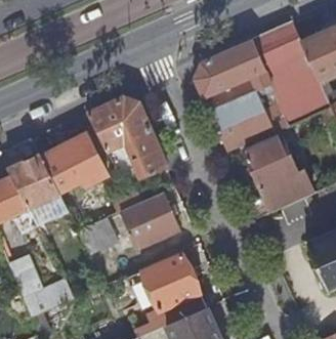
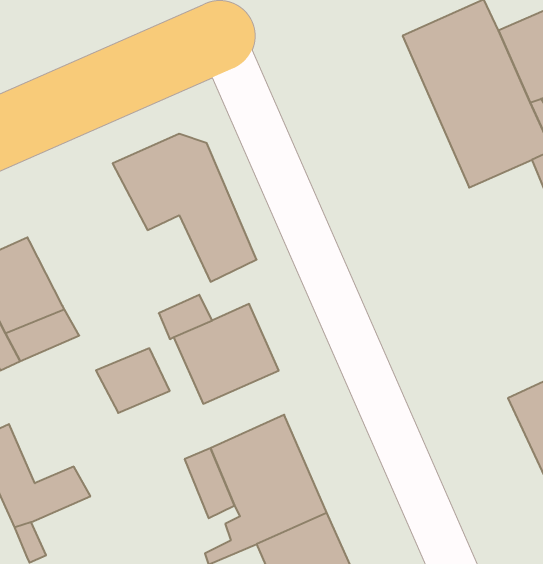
building: [194,43,285,153] -> none
building: [41,134,108,193] -> none
building: [244,135,313,218] -> none

